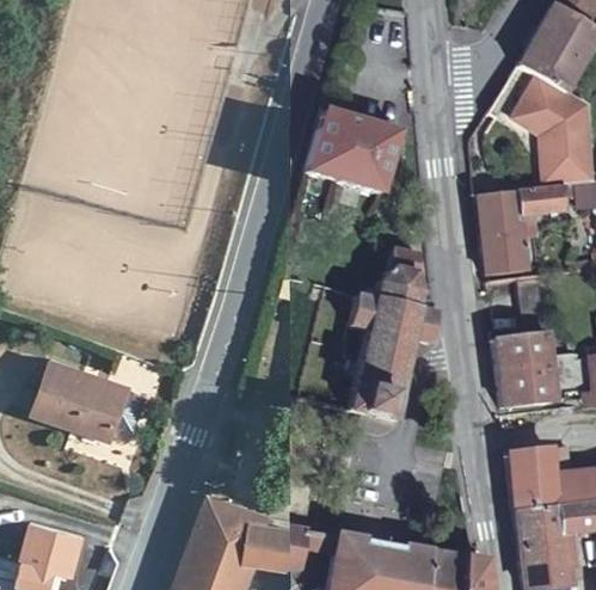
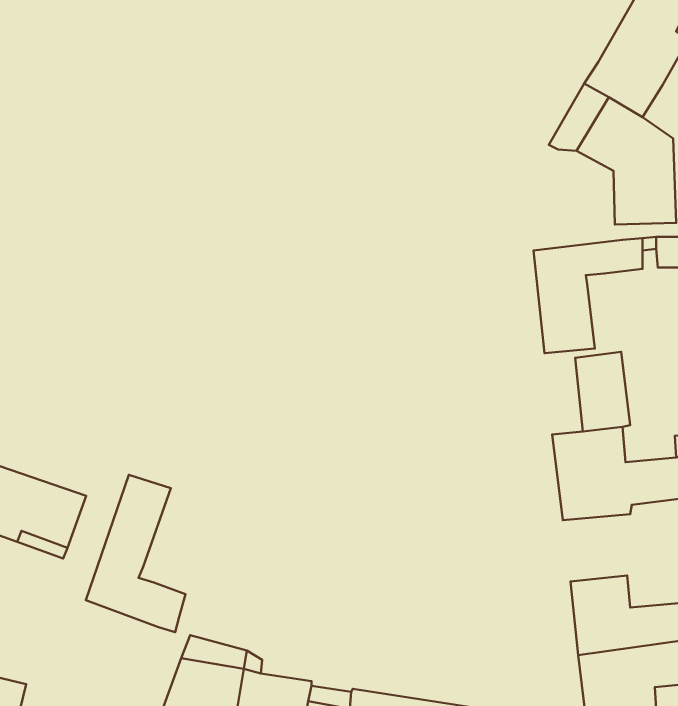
building: [306,112,398,192] -> none
building: [346,248,434,420] -> none
building: none -> [86,475,185,632]

